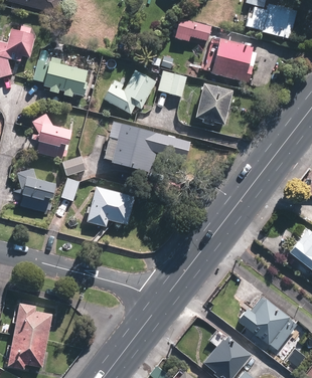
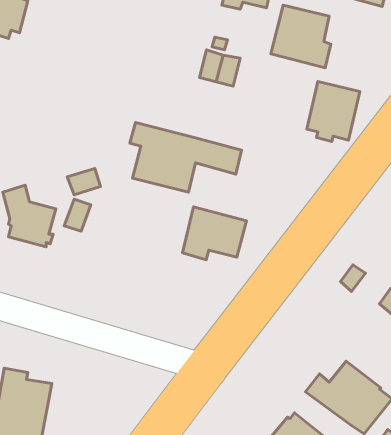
building: [33,58,87,98] -> none
building: [103,70,156,114] -> none
building: [195,83,233,127] -> [307,82,360,142]
building: [32,114,70,159] -> none
building: [88,191,134,229] -> [182,207,247,260]

